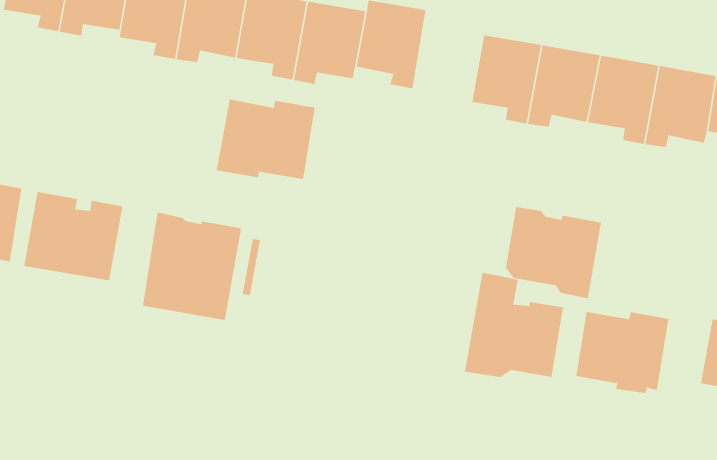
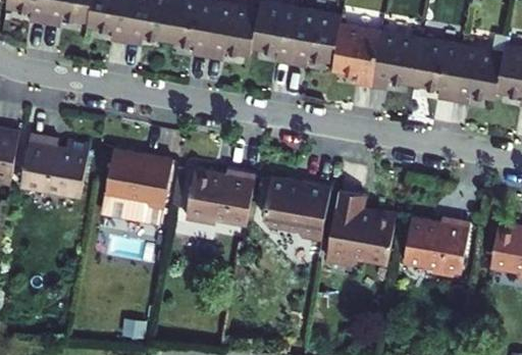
building: none -> [291,8,341,66]
building: [216,99,316,179] -> [186,168,255,224]
building: [505,206,602,299] -> [263,176,330,241]

